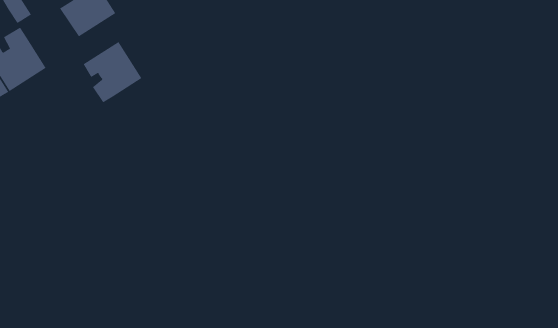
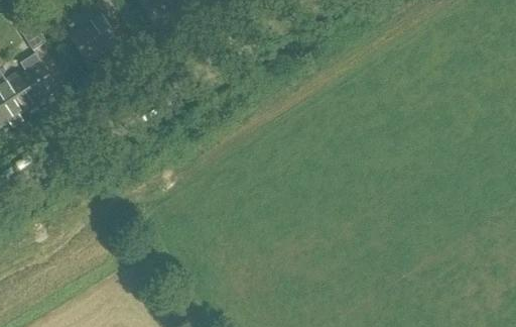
building: [83,41,142,103] -> none

